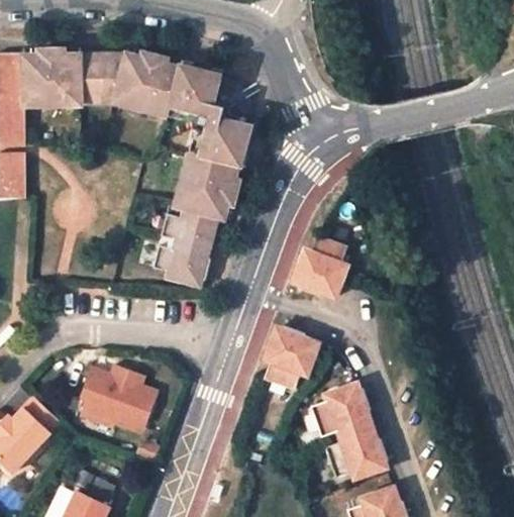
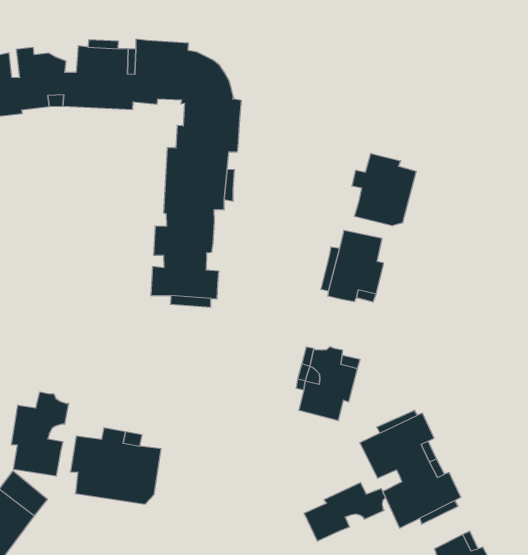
building: none -> [352,153,416,226]
building: none -> [12,392,68,476]
building: none -> [304,483,386,541]

